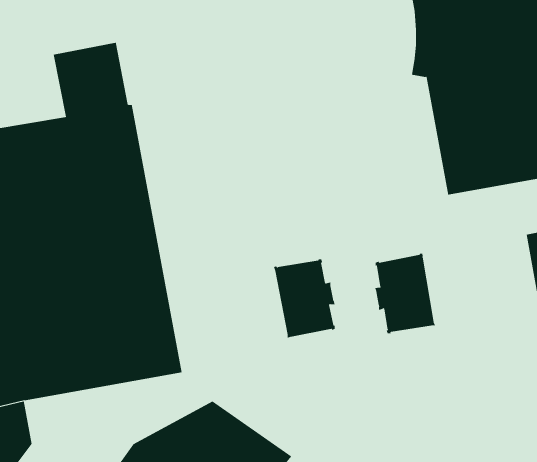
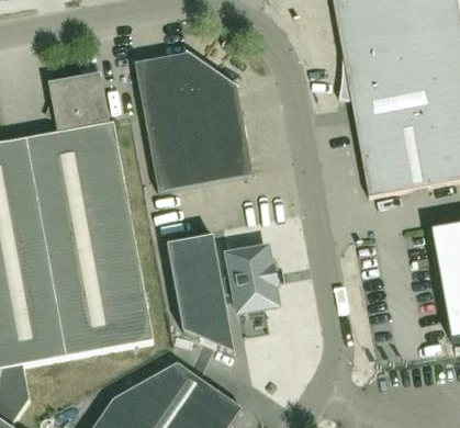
building: none -> [134,49,253,191]
building: none -> [166,235,234,353]
building: [374,253,436,334] -> none

